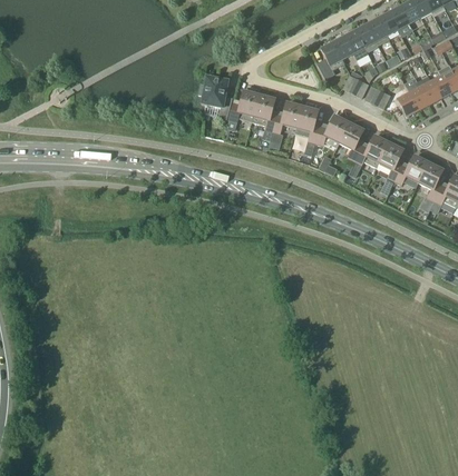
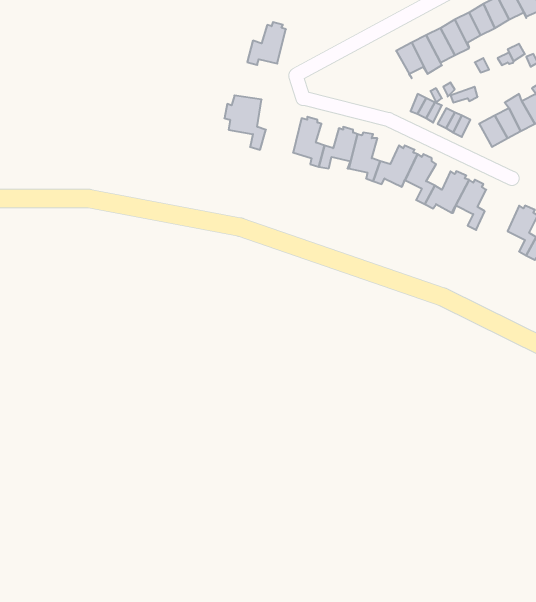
building: [316,41,344,78] -> none
building: [228,88,259,121] -> [247,22,286,65]
building: [394,155,428,184] -> none

